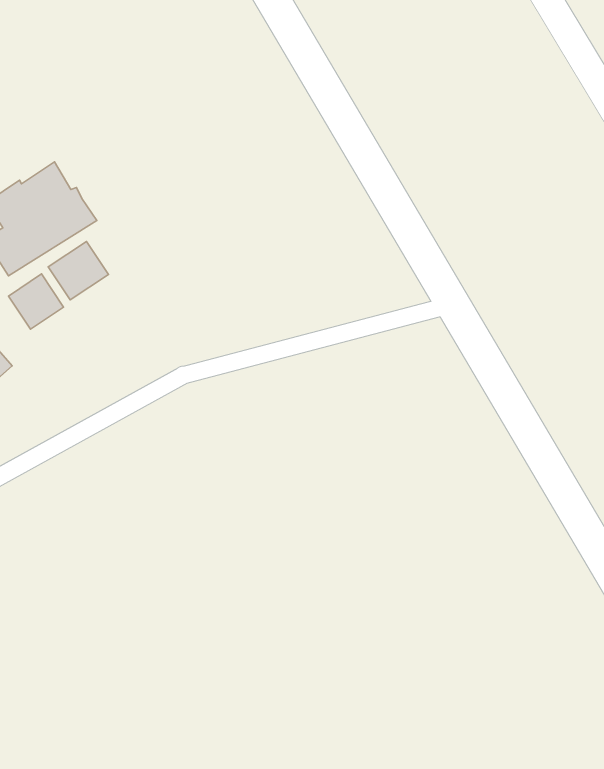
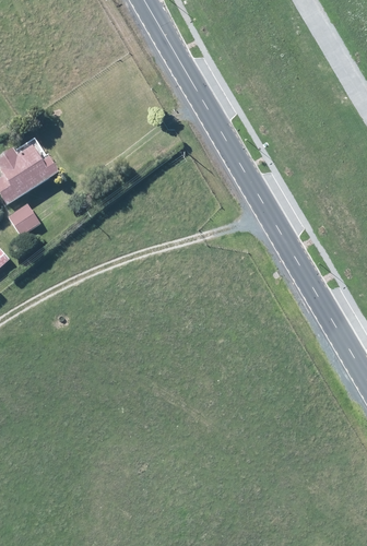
building: [48,241,108,300] -> none

